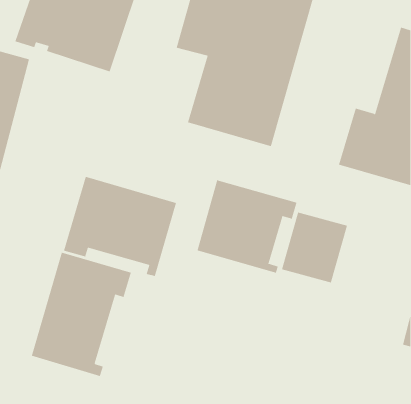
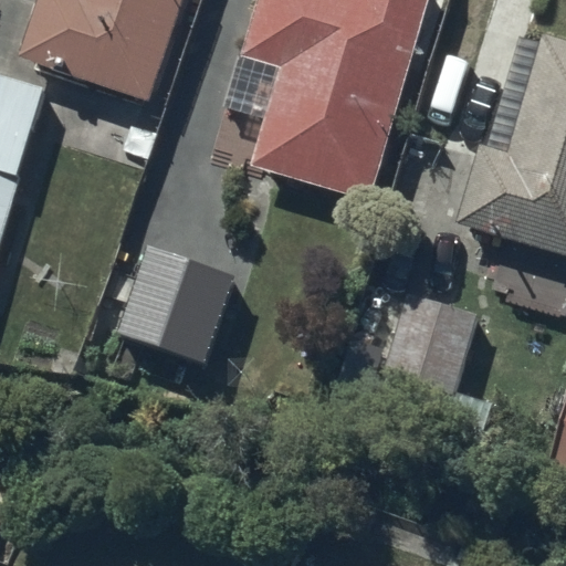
building: [197,179,297,273] -> none
building: [31,252,132,377] -> none

